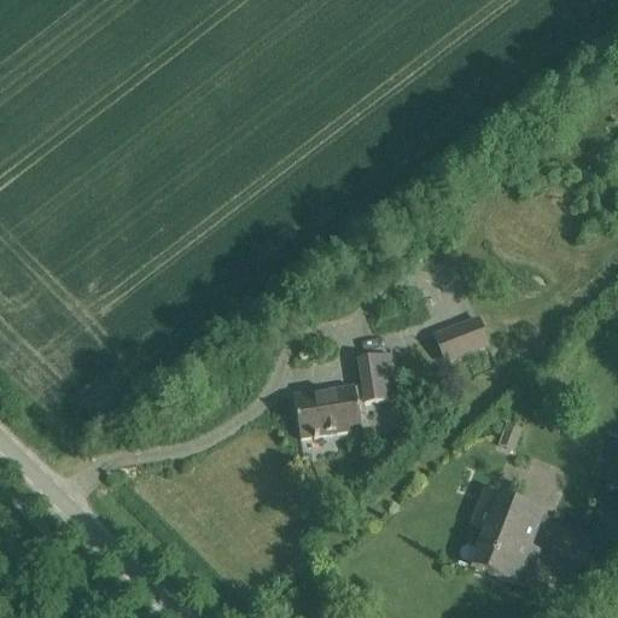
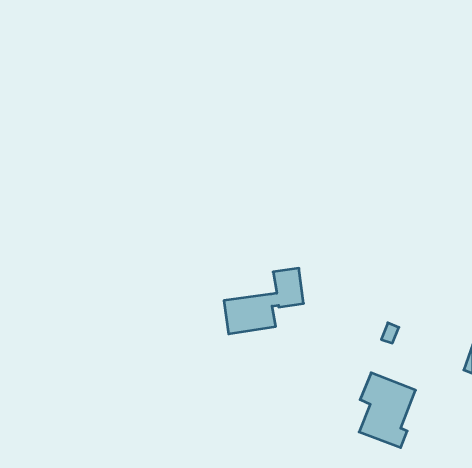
building: [433,315,489,361] -> none

